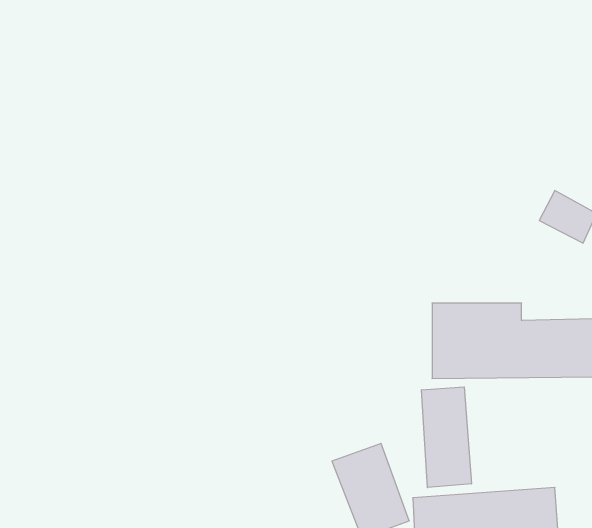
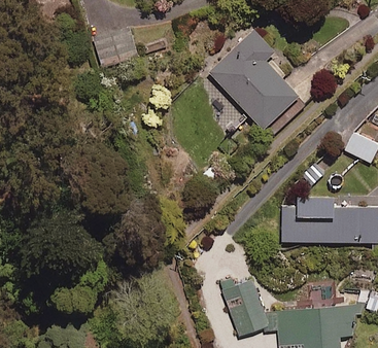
building: none -> [209,30,298,131]
building: [422,387,471,488] -> none

